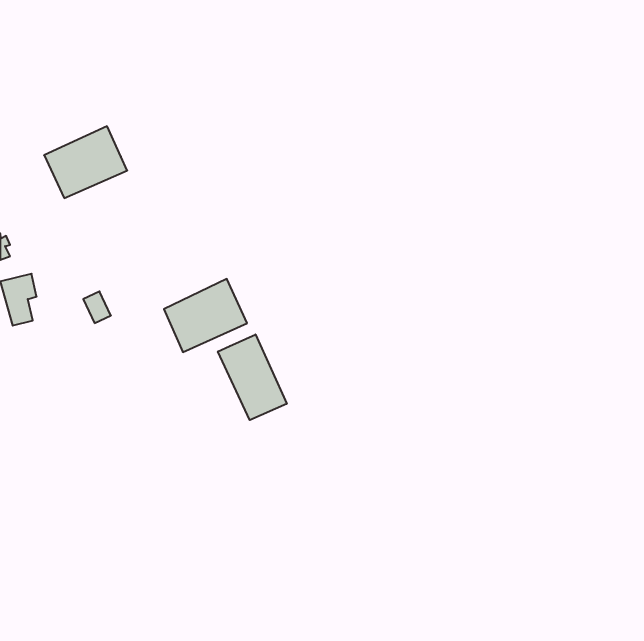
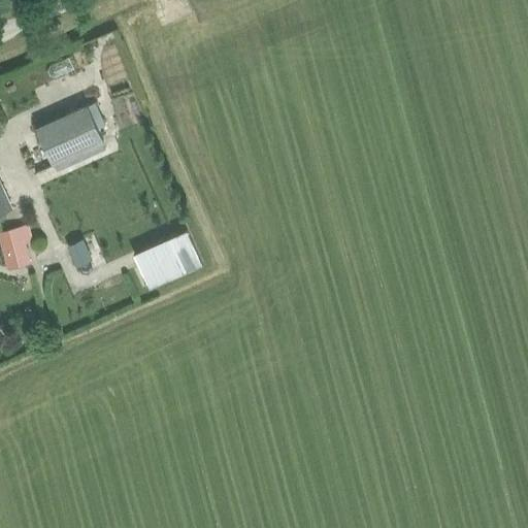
building: [218,334,287,420] -> none

